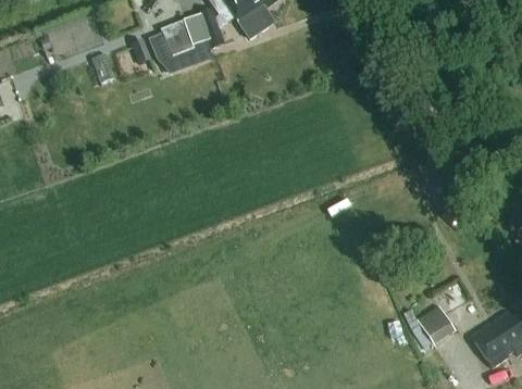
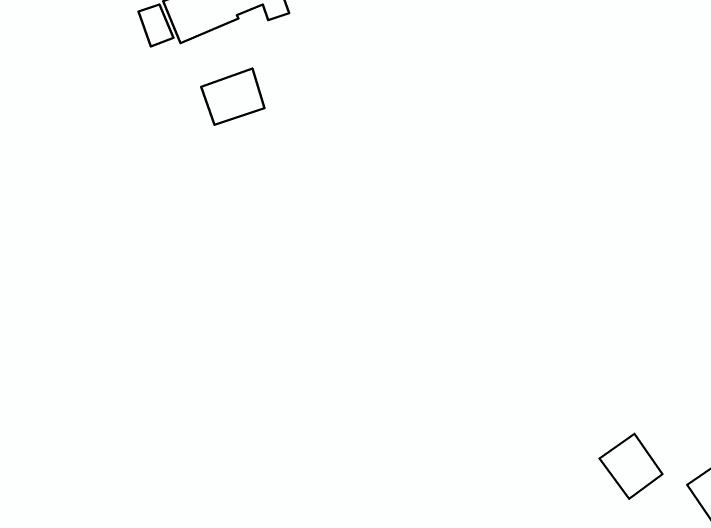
building: none -> [201,69,265,125]

